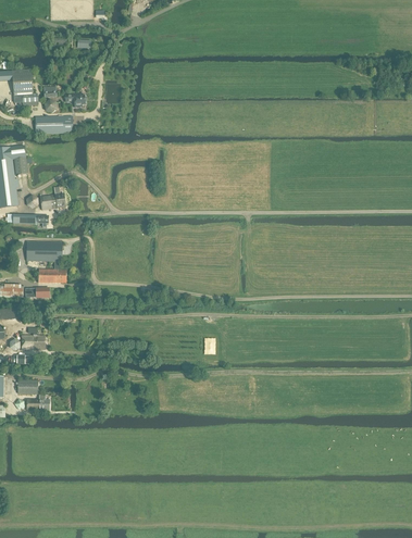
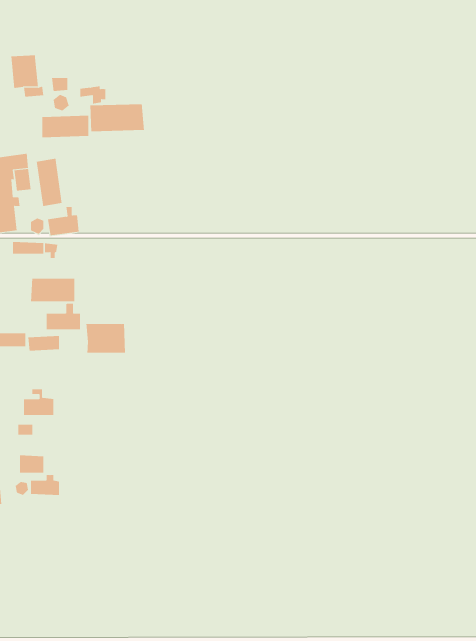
building: none -> [90,103,145,132]
building: none -> [36,158,62,207]
building: none -> [86,323,125,354]

